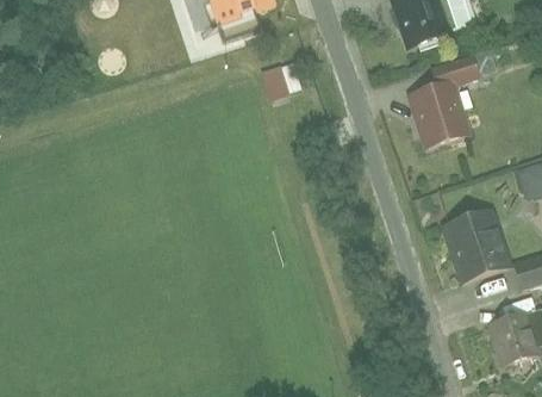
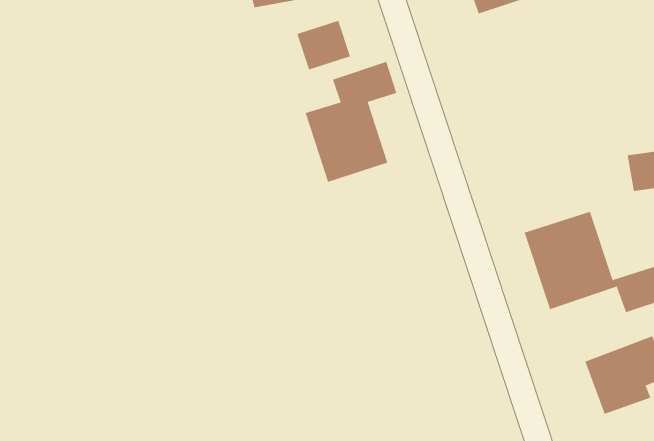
building: [404,52,476,148] -> [305,61,397,183]

